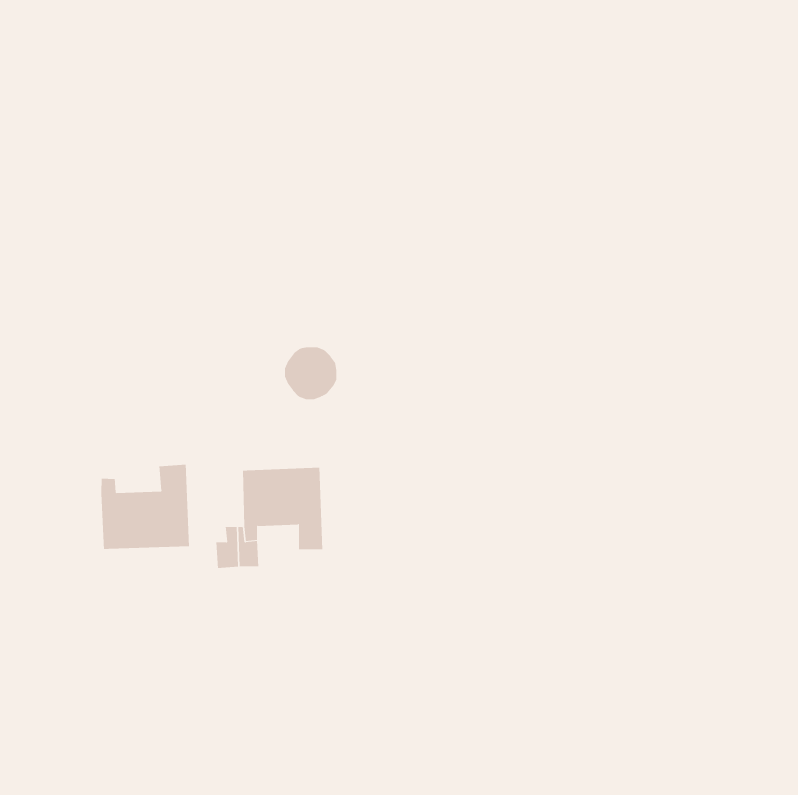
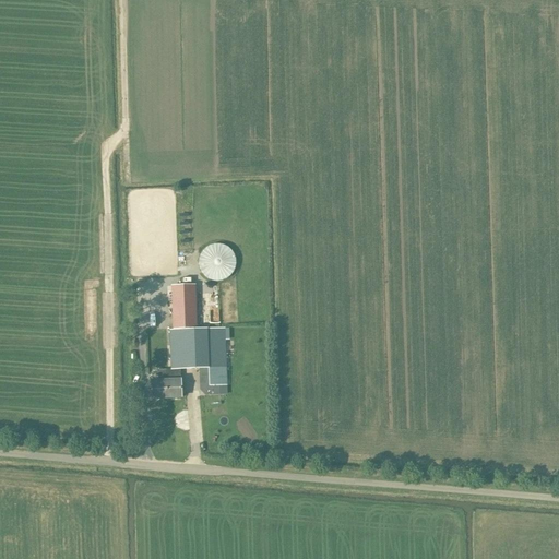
building: none -> [171,285,195,328]
building: [101,464,189,550] -> none

